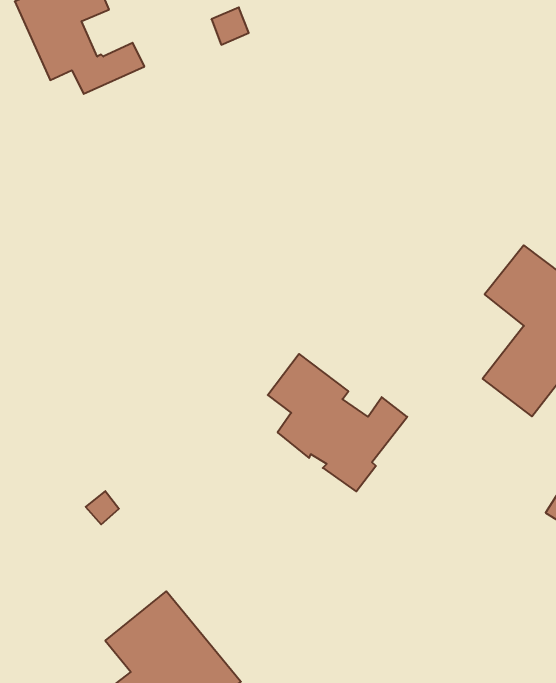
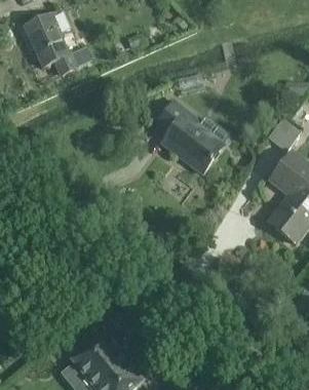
building: none -> [268,117,301,151]
building: [268,354,407,491] -> [156,101,229,172]

